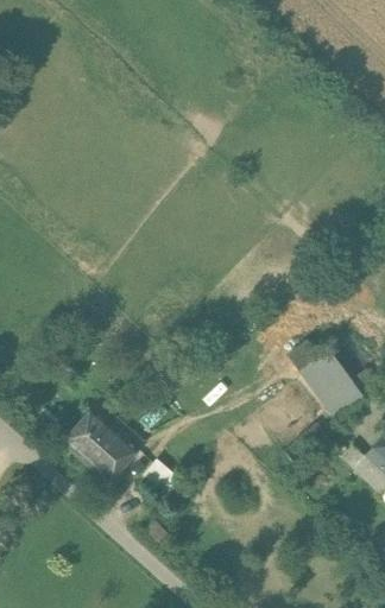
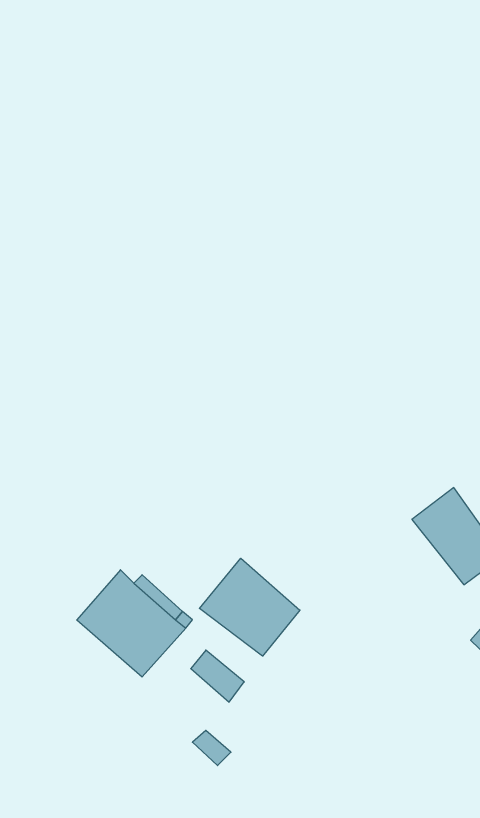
building: none -> [199,558,300,656]

